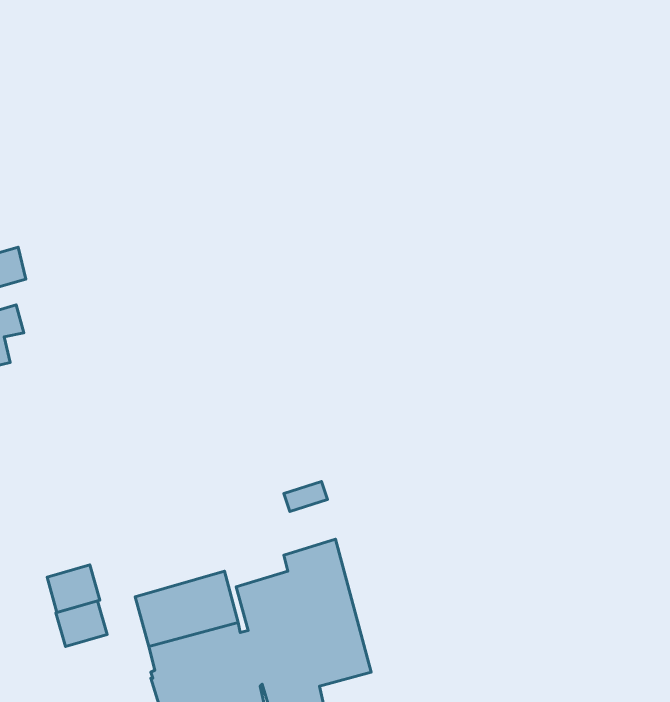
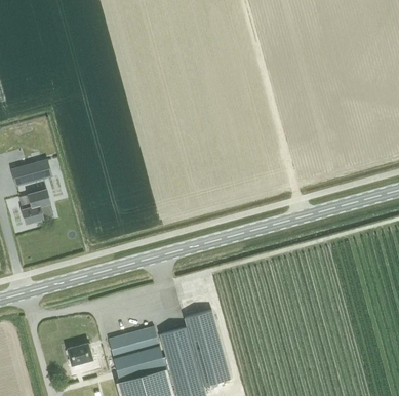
building: [47,565,100,612] -> none

